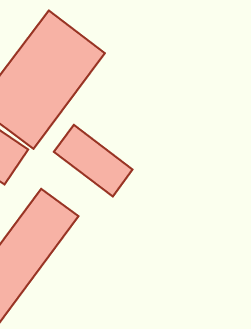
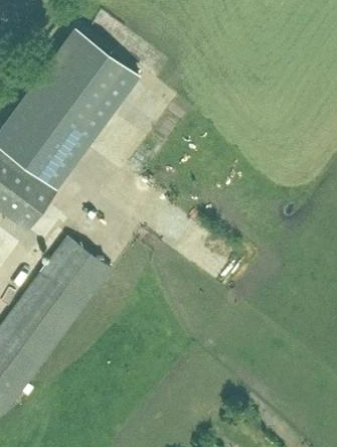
building: [54,125,133,196] -> none

